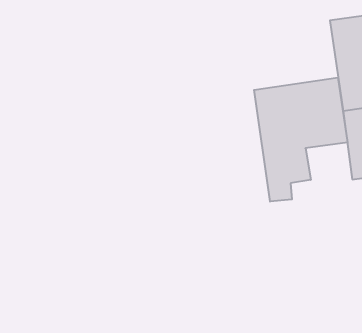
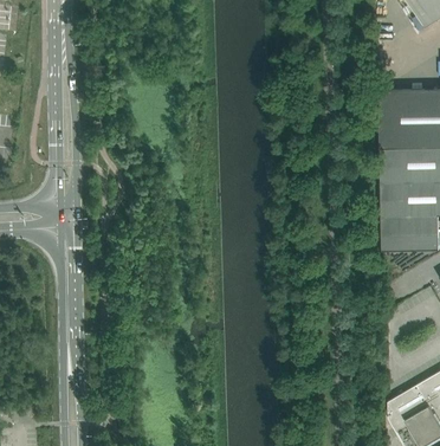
building: [254,78,347,202] -> none

